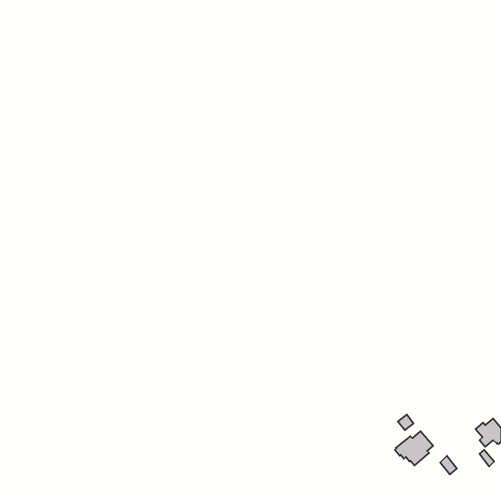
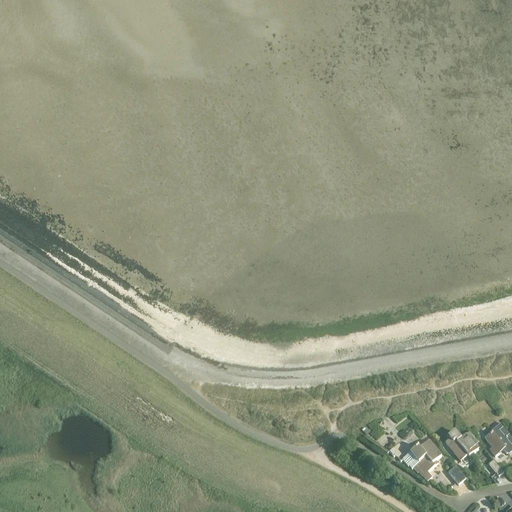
building: none -> [445,429,478,459]

